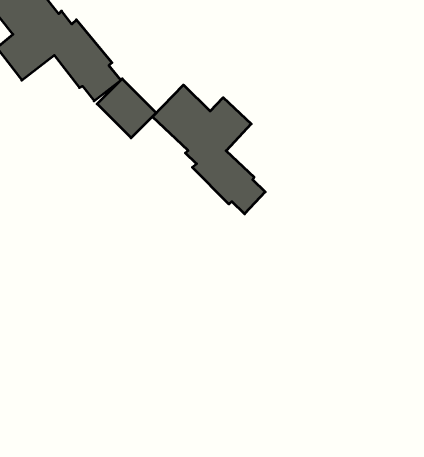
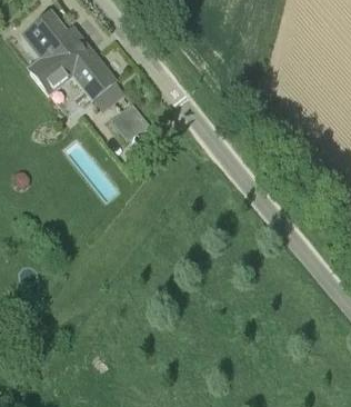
building: [152,85,265,214] -> none

